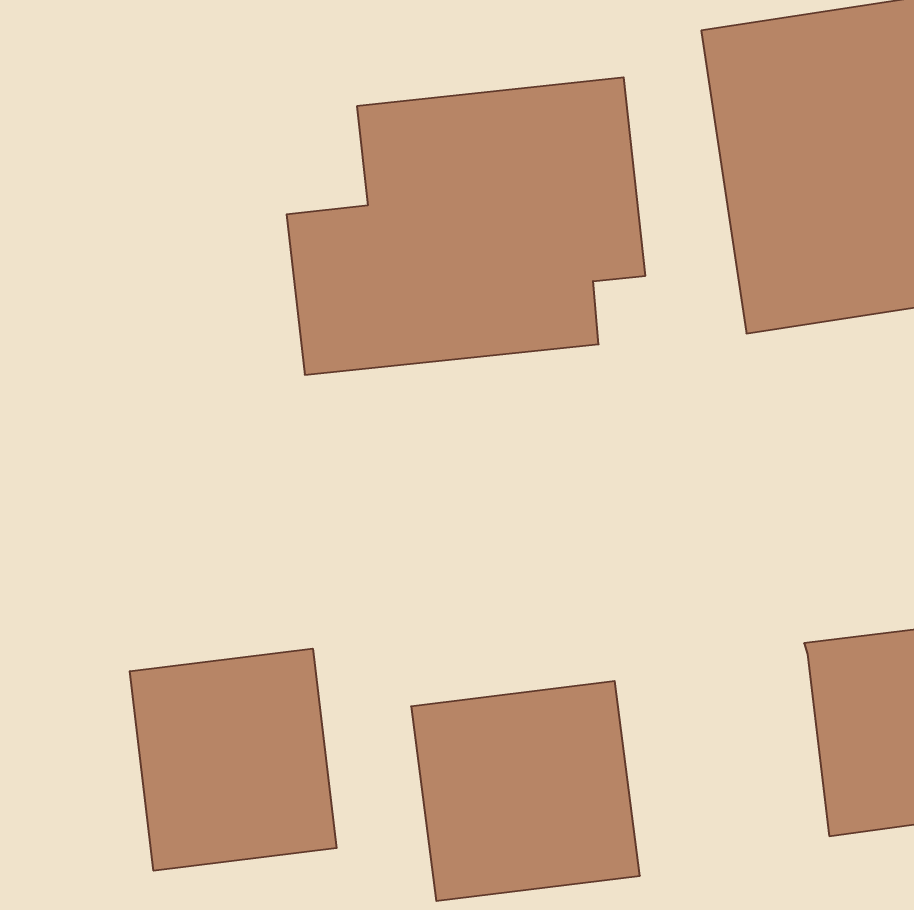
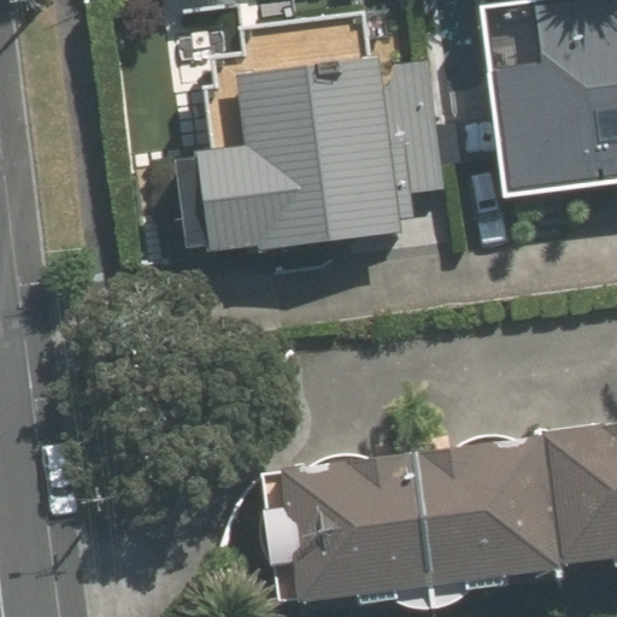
building: [130,649,337,871] -> none
building: none -> [416,437,560,586]

